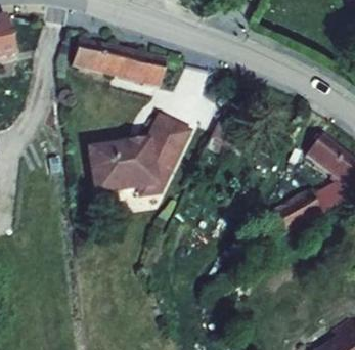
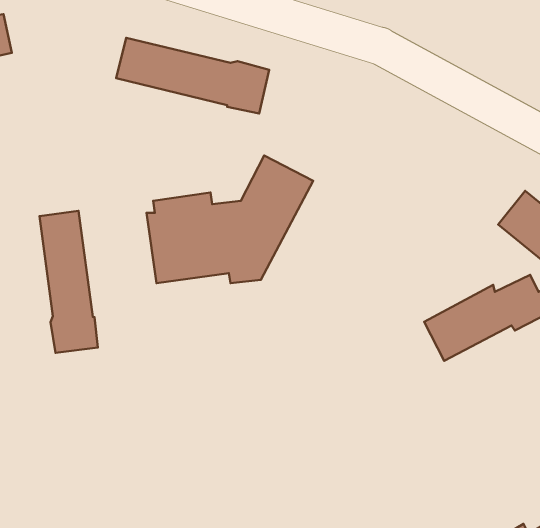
building: none -> [39,211,98,353]

